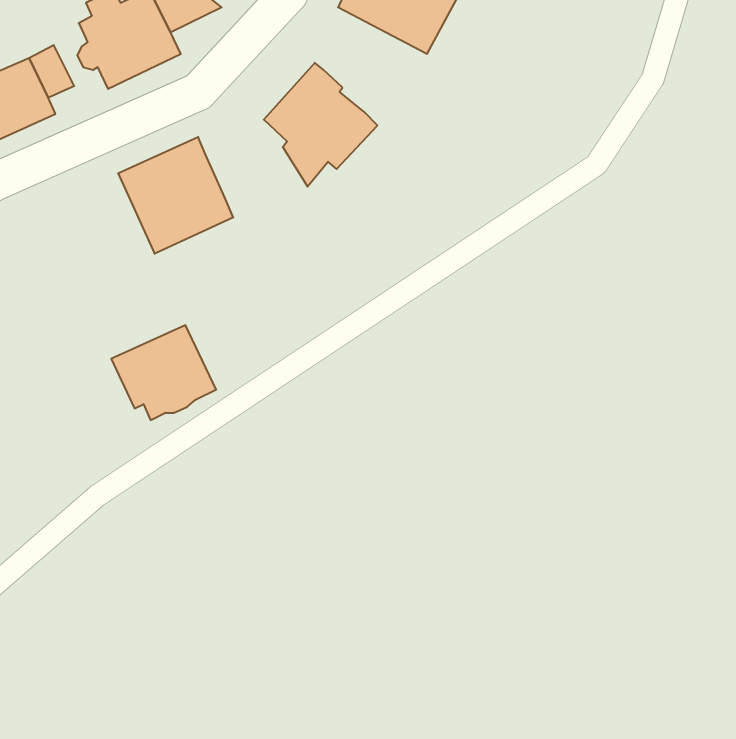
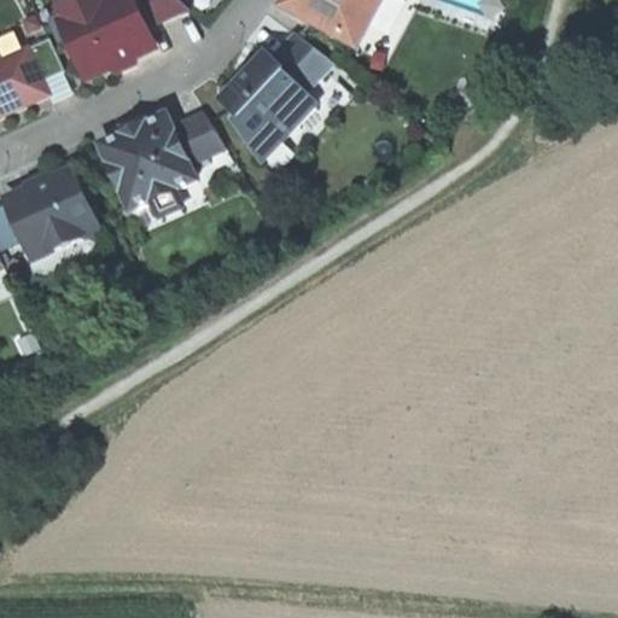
building: none -> [268,33,331,93]
building: none -> [170,113,223,163]
building: [111,325,216,420] -> [6,173,93,251]

